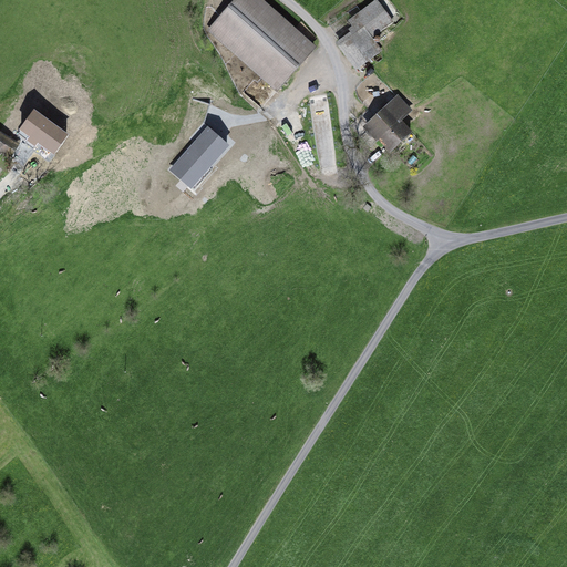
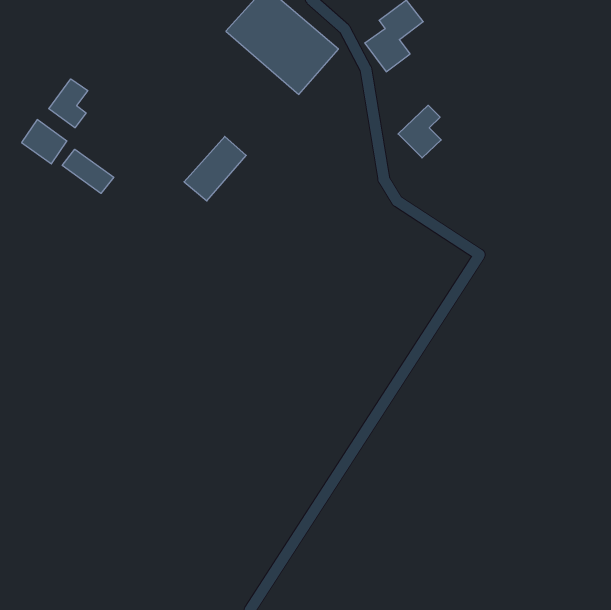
building: none -> [49,79,88,128]
building: none -> [62,149,114,193]

